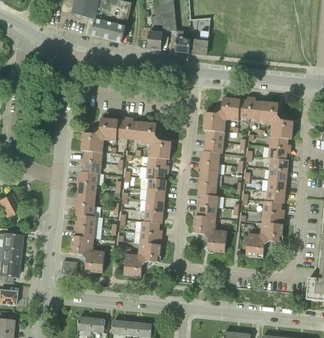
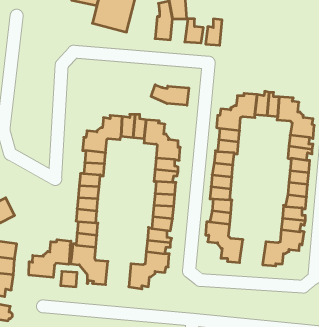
building: none -> [151,85,189,105]
building: none -> [29,240,71,277]

